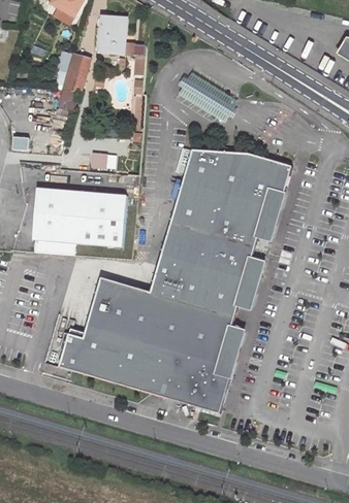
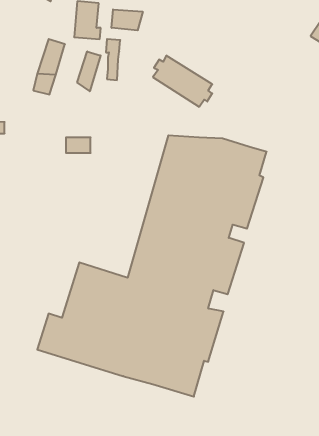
building: none -> [112,9,143,30]
building: none -> [77,51,101,91]
building: [32,187,125,254] -> none

